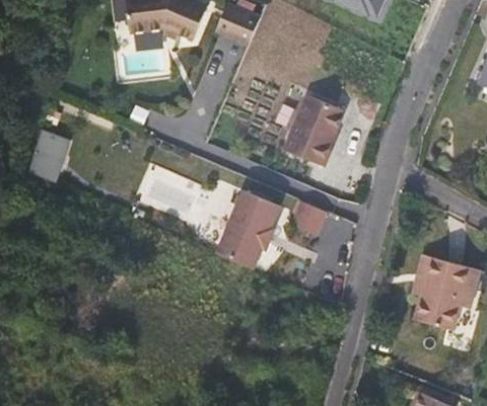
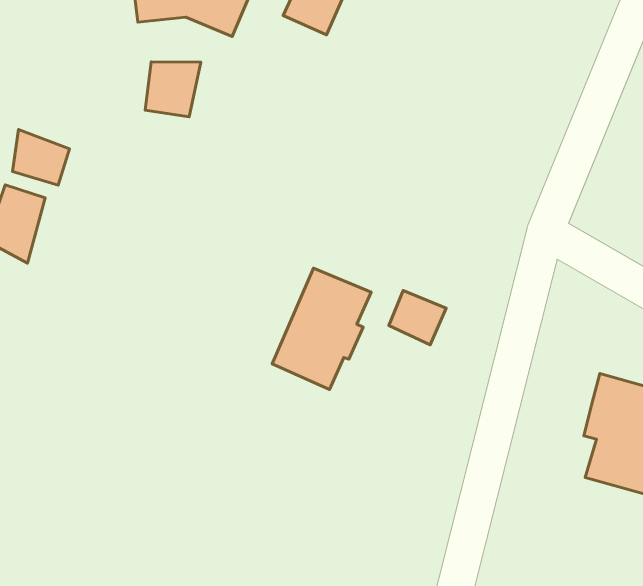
building: none -> [145,62,201,117]
building: [280,99,341,170] -> none
building: none -> [12,129,70,185]

